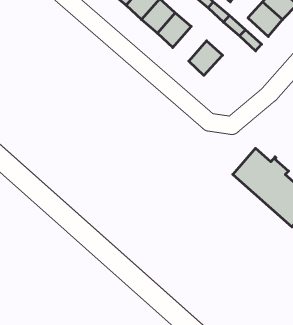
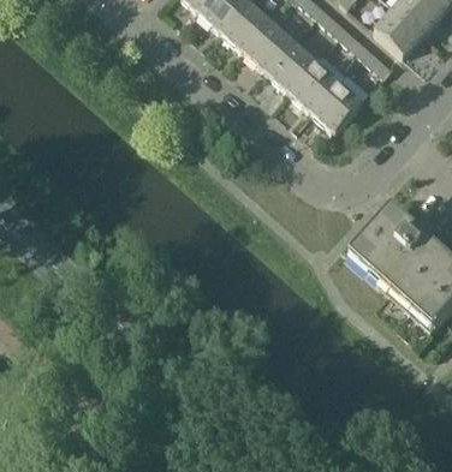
building: none -> [267,42,315,91]
building: none -> [311,83,361,132]

